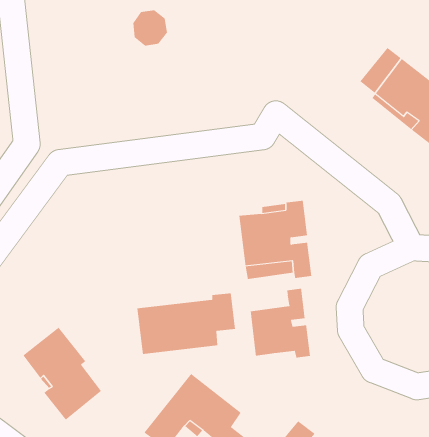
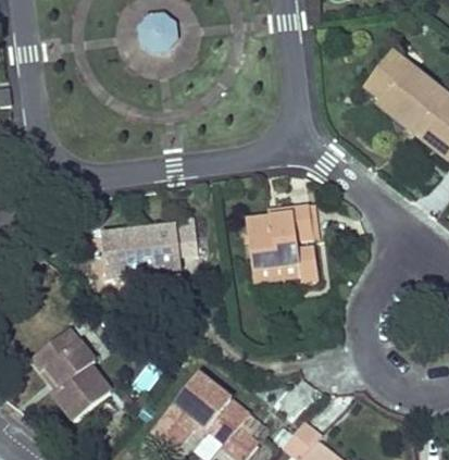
building: [250,288,311,358] -> none
building: [137,293,236,354] -> [101,216,199,277]

